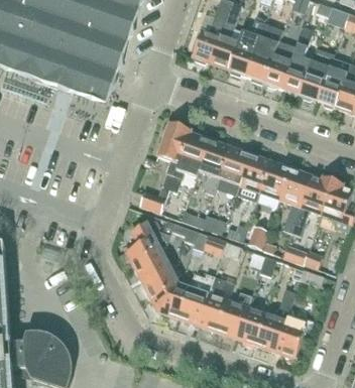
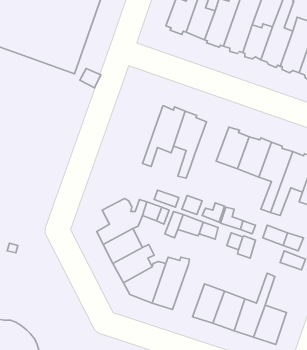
building: [139,123,191,213] -> none
building: [219,147,251,184] -> none
building: [198,277,228,332] -> none

